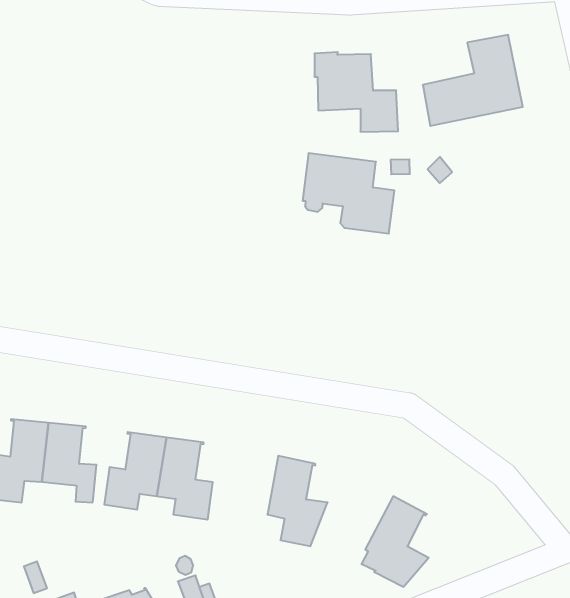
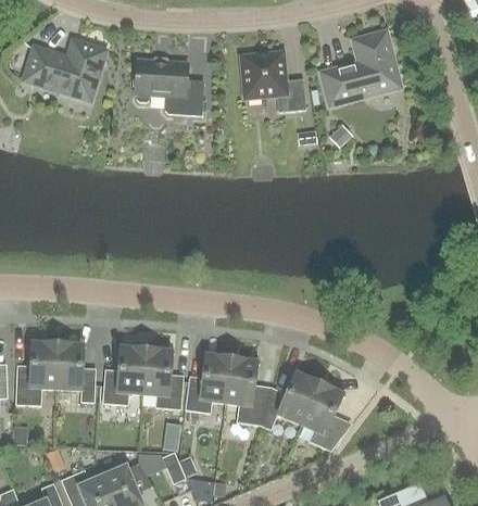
building: none -> [24,40,104,98]
building: [303,153,394,234] -> [134,58,202,114]
building: none -> [184,354,230,412]
building: none -> [259,371,318,429]

